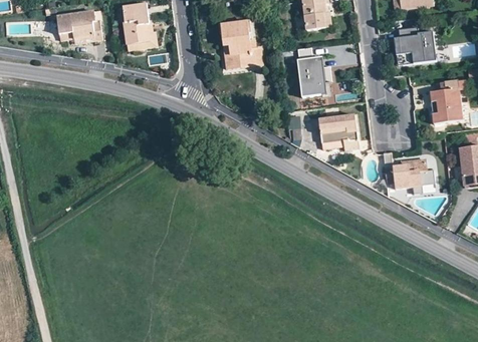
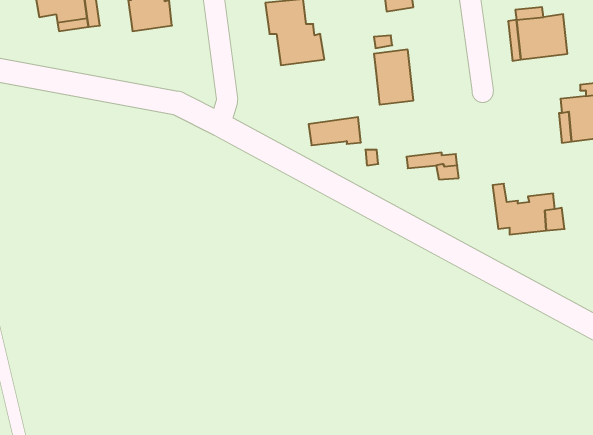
building: [319,113,356,133] -> [309,117,361,145]

